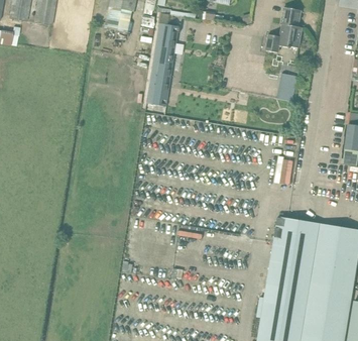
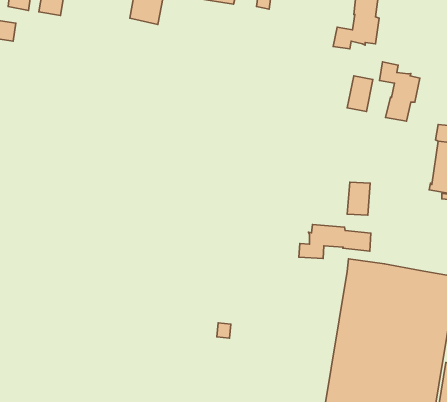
building: [146,23,178,105] -> none
building: none -> [380,62,420,121]
building: none -> [299,225,371,259]

